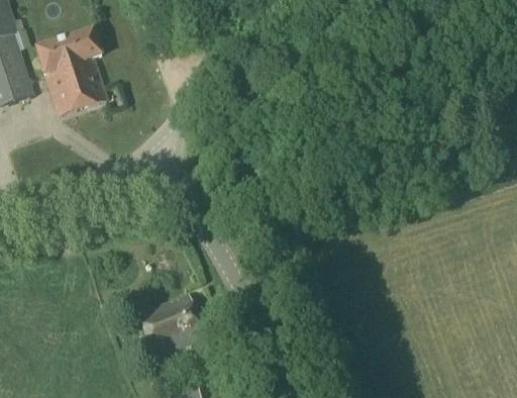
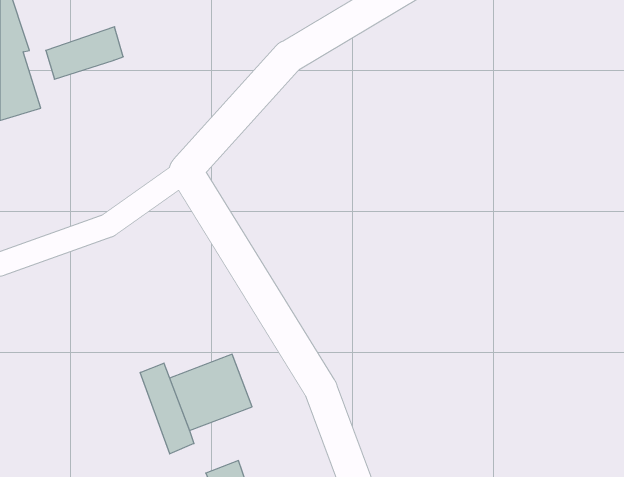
building: [44,56,106,114] -> none
building: none -> [140,363,194,454]

